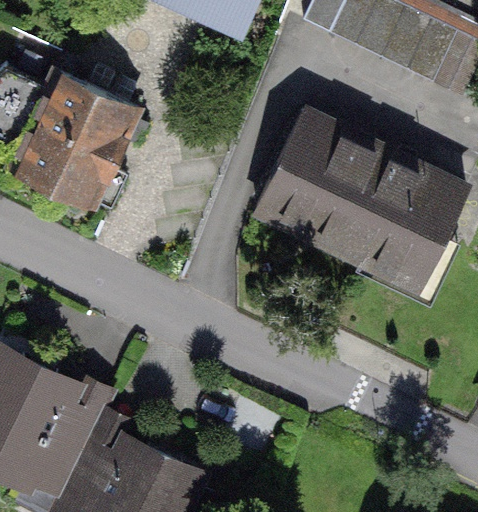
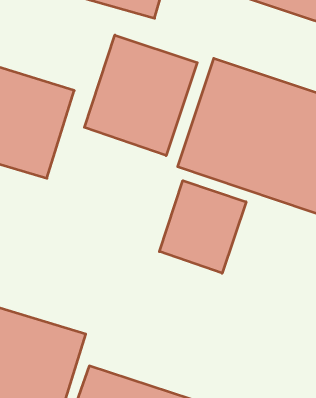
building: none -> [84,35,197,156]
building: none -> [159,181,246,273]

